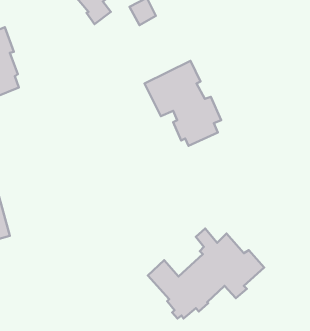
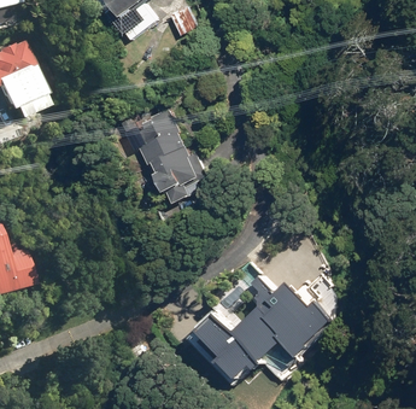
building: [144,61,221,146] -> [119,103,210,203]

